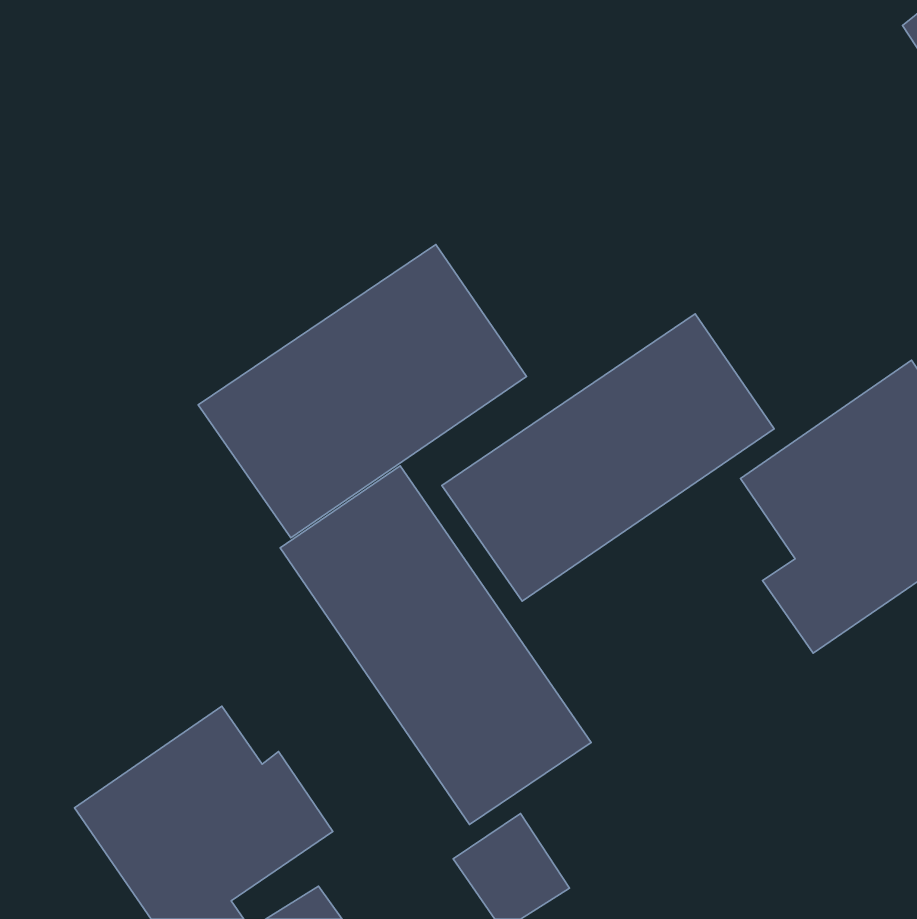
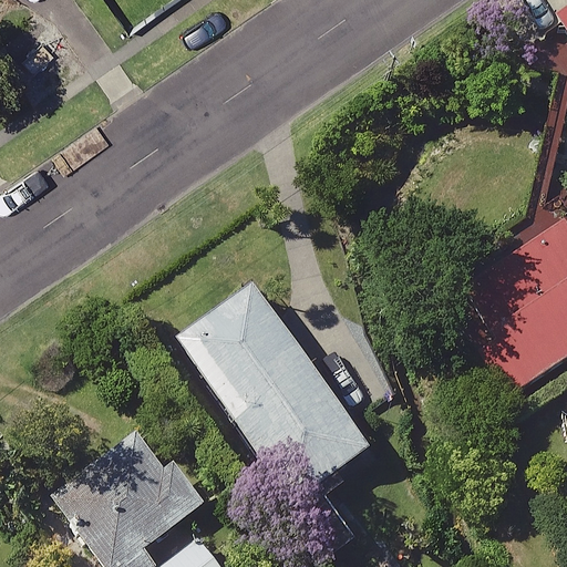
building: [198,244,526,538] -> none
building: [442,314,774,601] -> none

